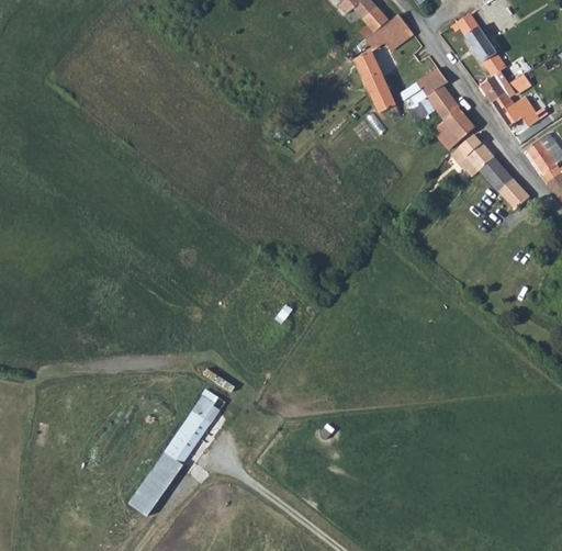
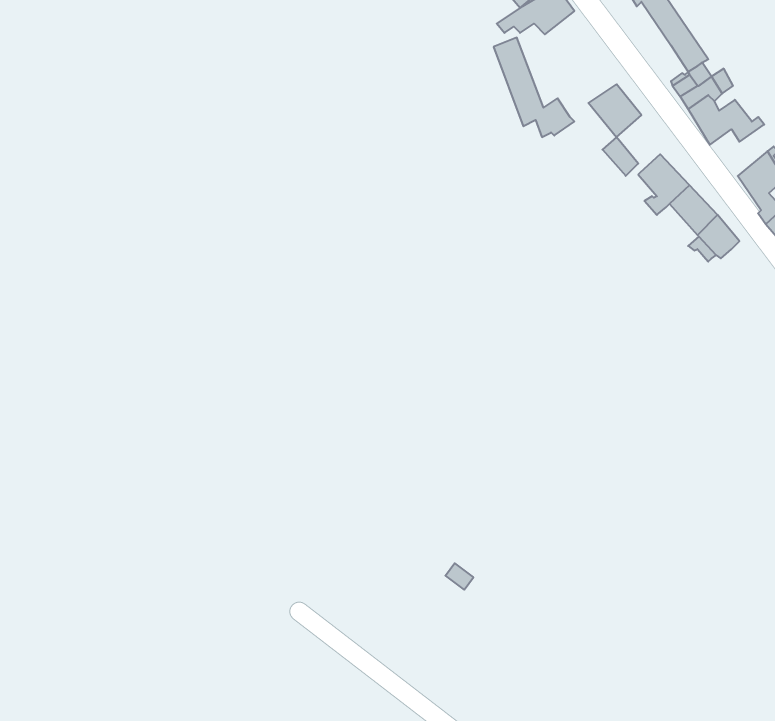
building: [401,68,448,108] -> none
building: [442,106,474,140] -> none
building: [128,389,218,507] -> none

